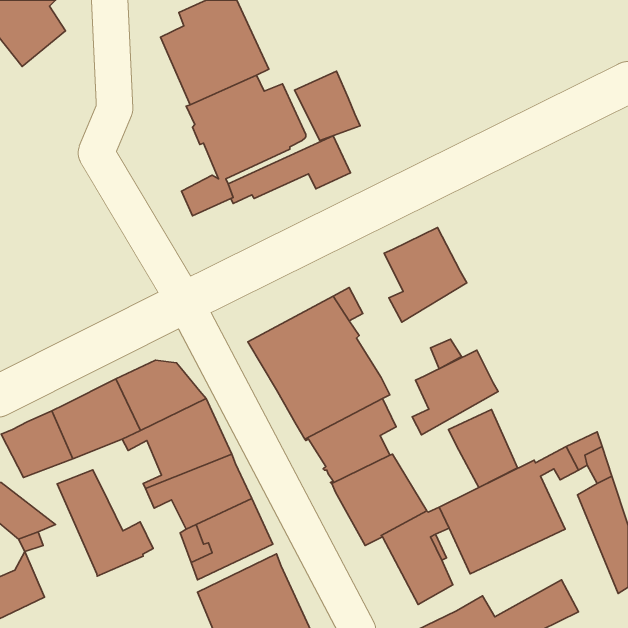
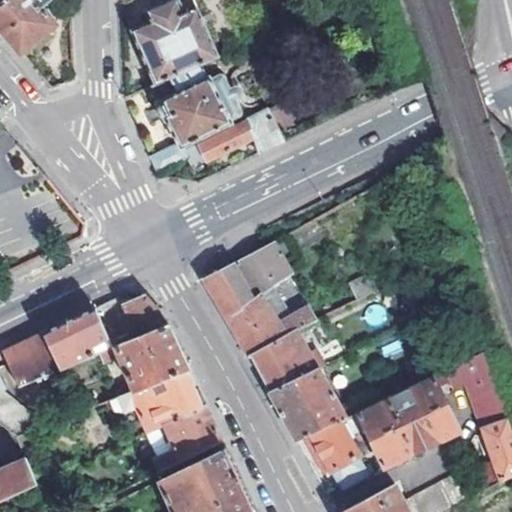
building: [295,71,360,140] -> none
building: [384,228,467,322] -> none
building: [412,350,498,435] -> none
building: [449,409,517,488] -> none
building: [57,470,153,576] -> none

